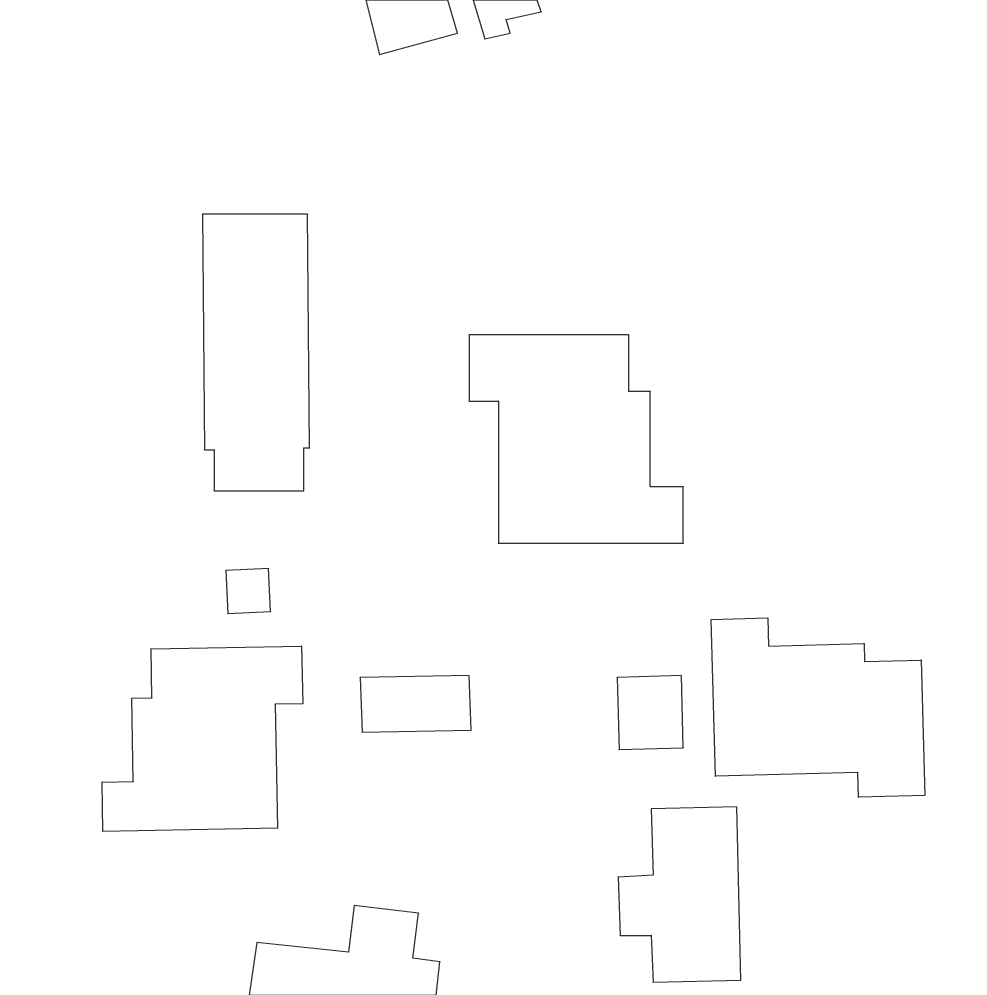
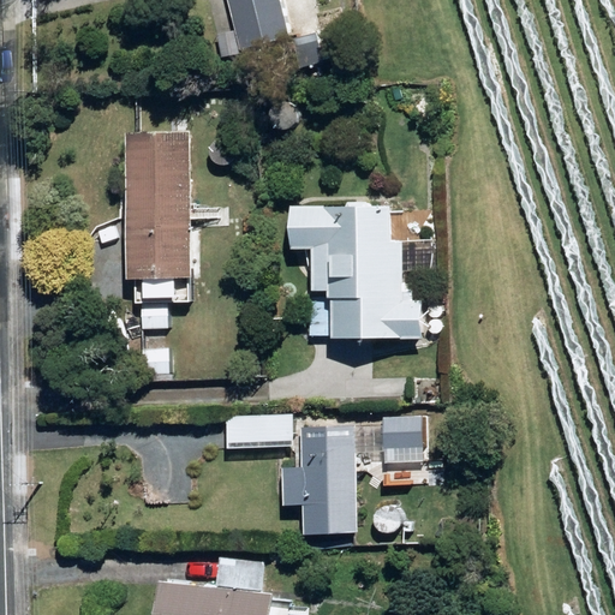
building: [711,618,925,797] -> none
building: [102,646,303,831] -> none
building: [618,807,741,982] -> [280,425,356,533]

